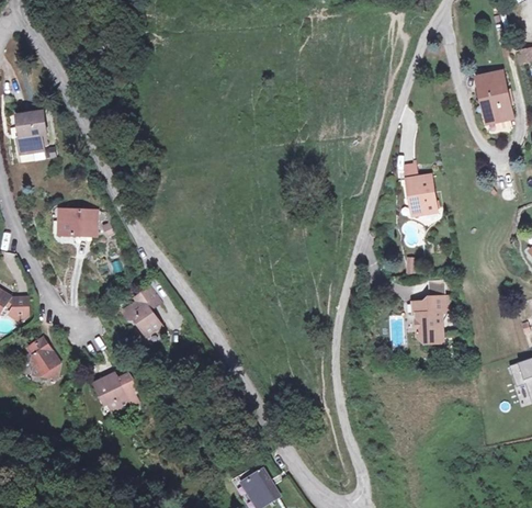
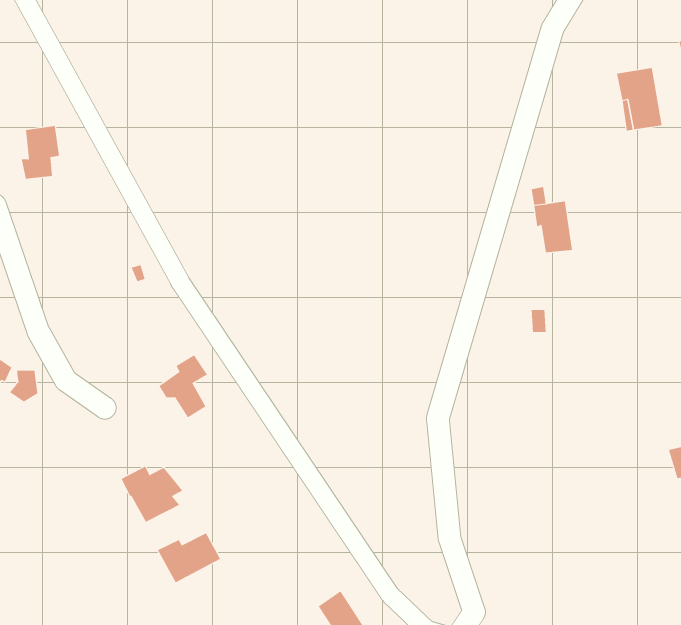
building: [63,211,100,238] -> none
building: [416,291,449,340] -> none
building: [27,339,59,380] -> none
building: none -> [157,533,221,583]

